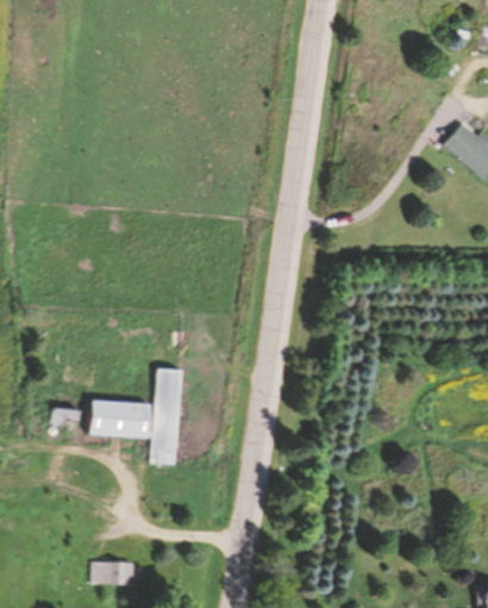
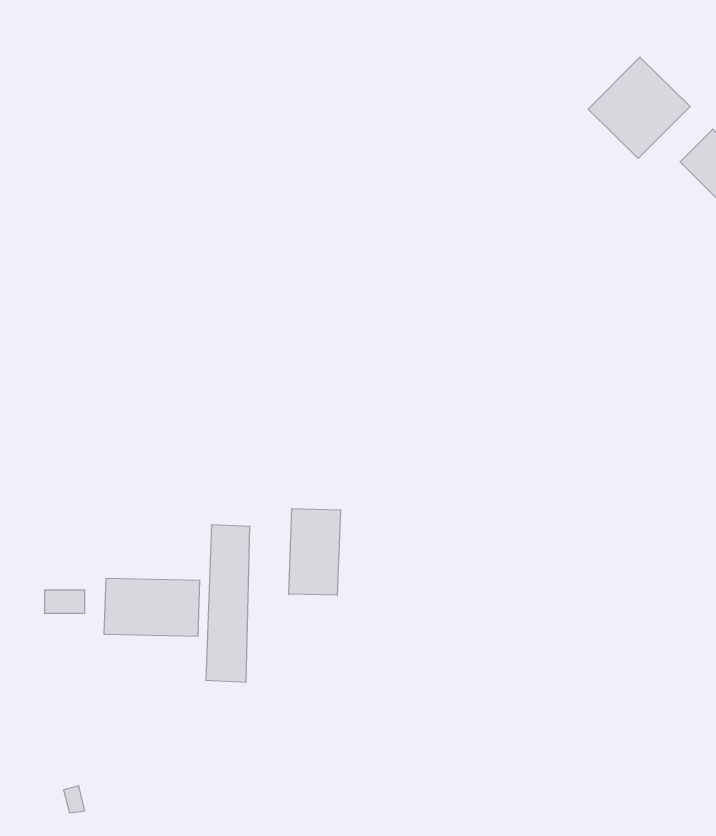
building: none -> [588,57,690,158]
building: none -> [289,509,340,595]

